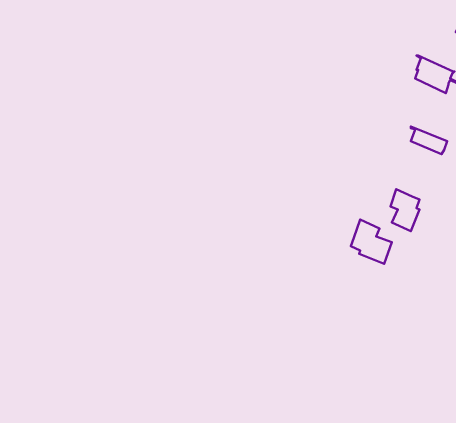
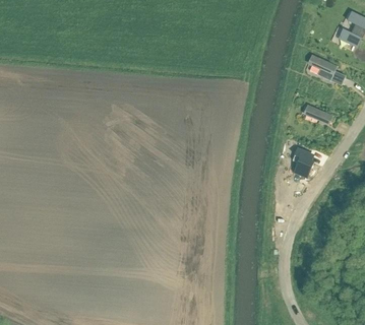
building: [351,220,392,264] -> none

